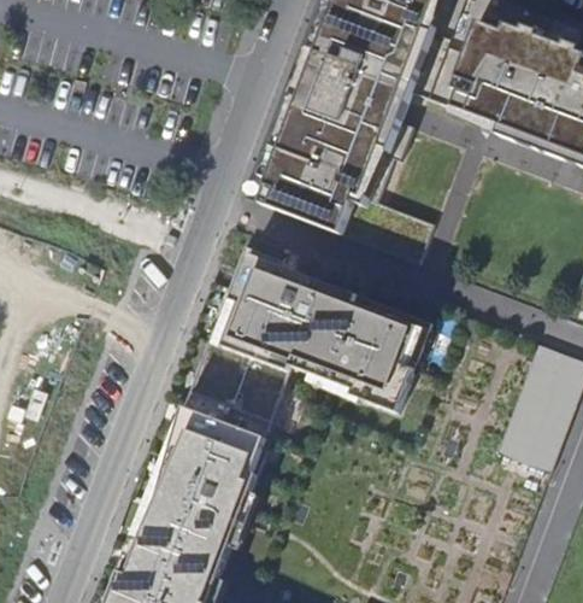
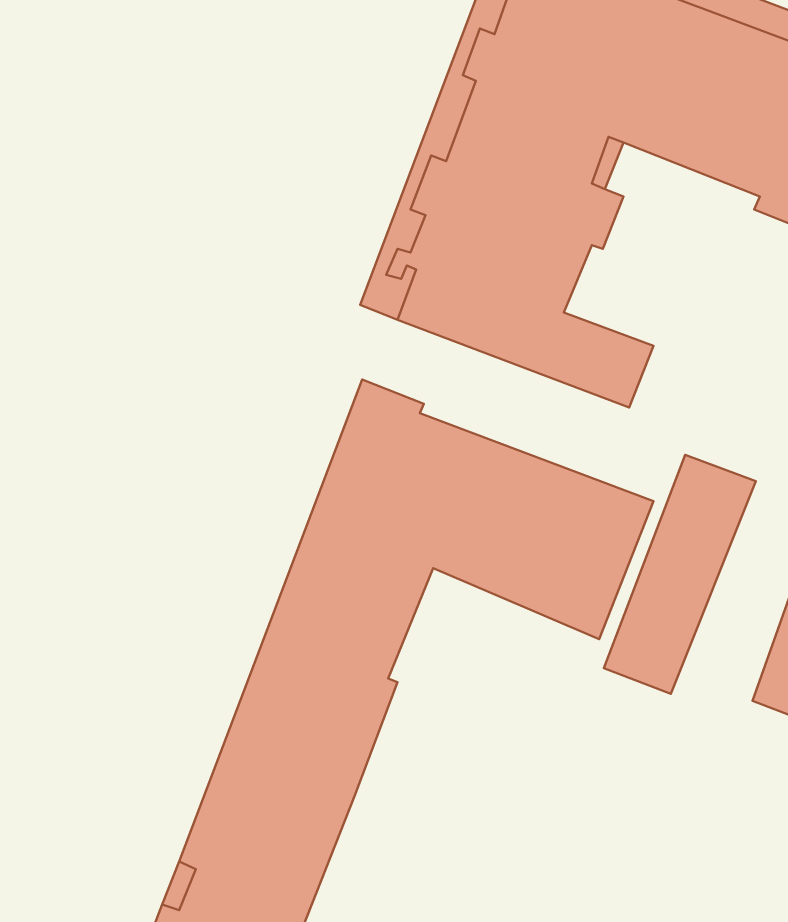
building: none -> [604,455,756,694]

